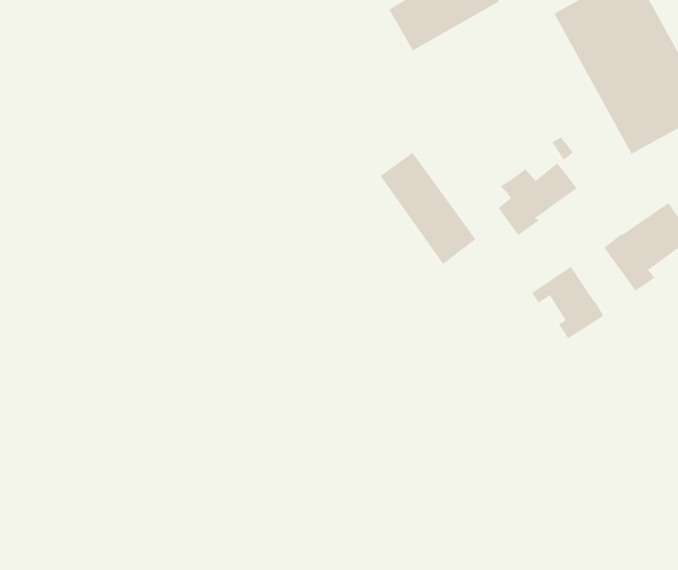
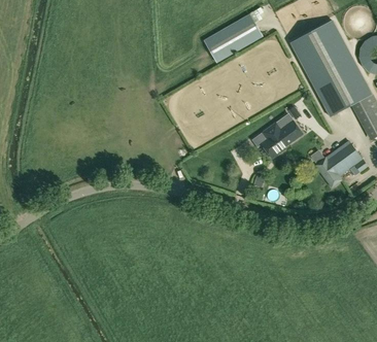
building: [380,152,476,265] -> none
building: [532,266,604,339] -> none

